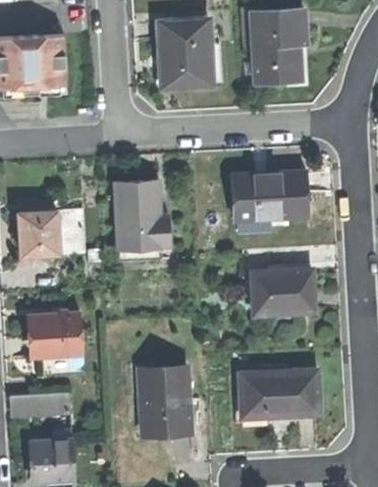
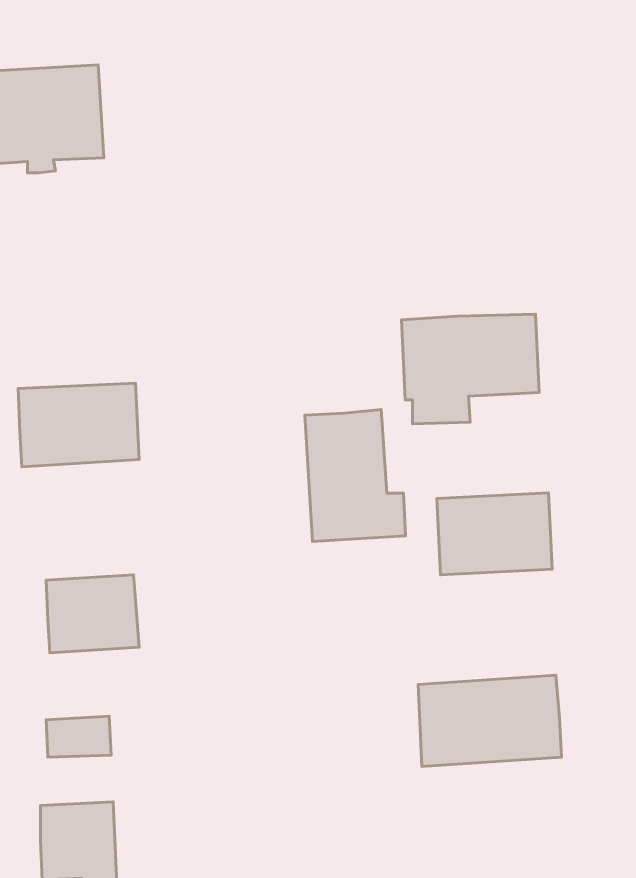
building: [247,10,302,83] -> none
building: [154,20,208,88] -> none
building: [114,180,169,252] -> [305,409,405,542]
building: [138,369,187,436] -> none

